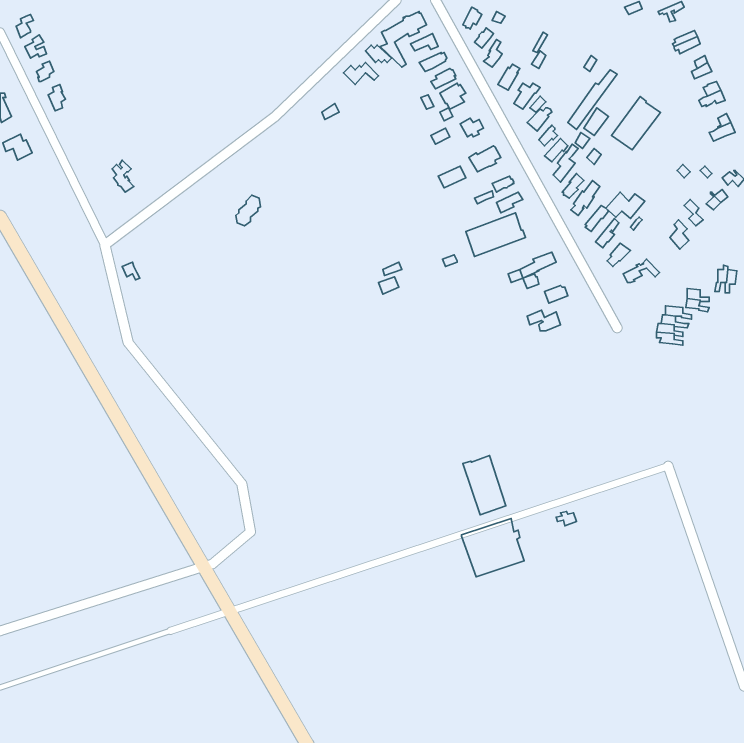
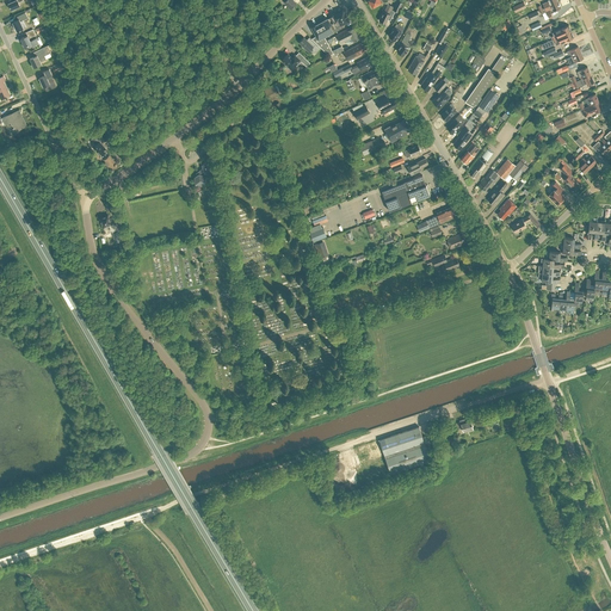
building: [612,97,660,150] -> none
building: [463,456,506,515] -> none

